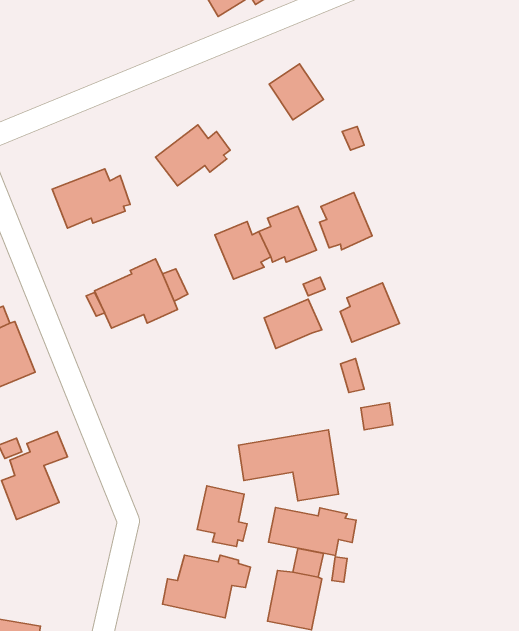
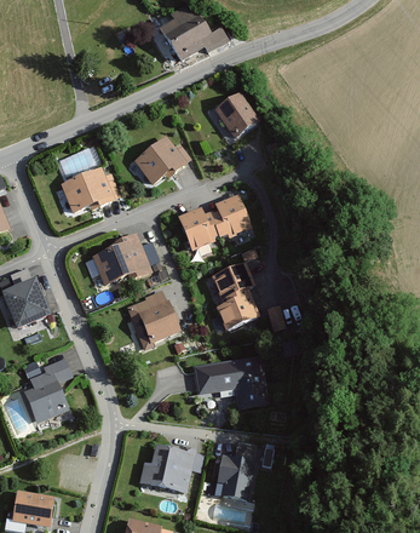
building: [320,192,372,250] -> none
building: [340,283,399,342] -> [217,287,259,329]
building: none -> [128,290,177,348]
building: [197,486,247,547] -> none
building: [269,508,356,556] -> none

